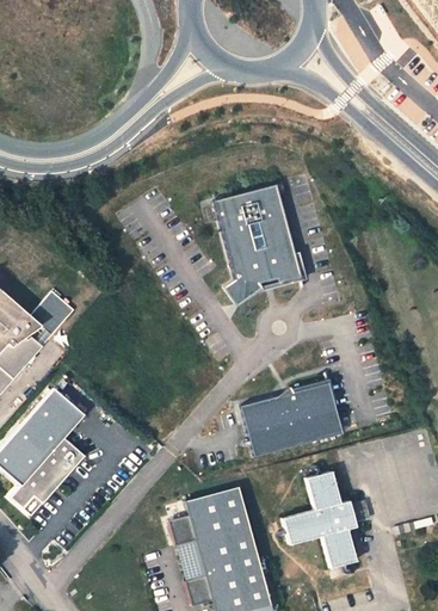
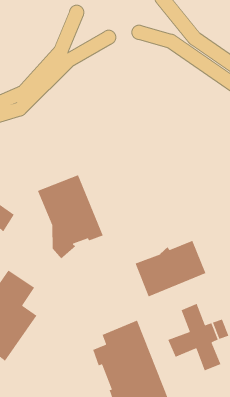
building: [209,183,297,302] -> [37,174,104,260]

